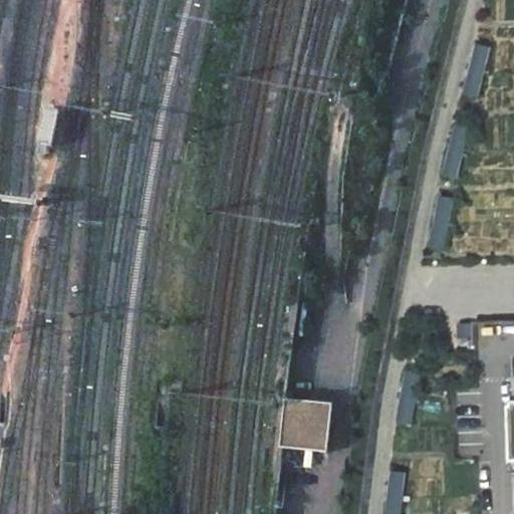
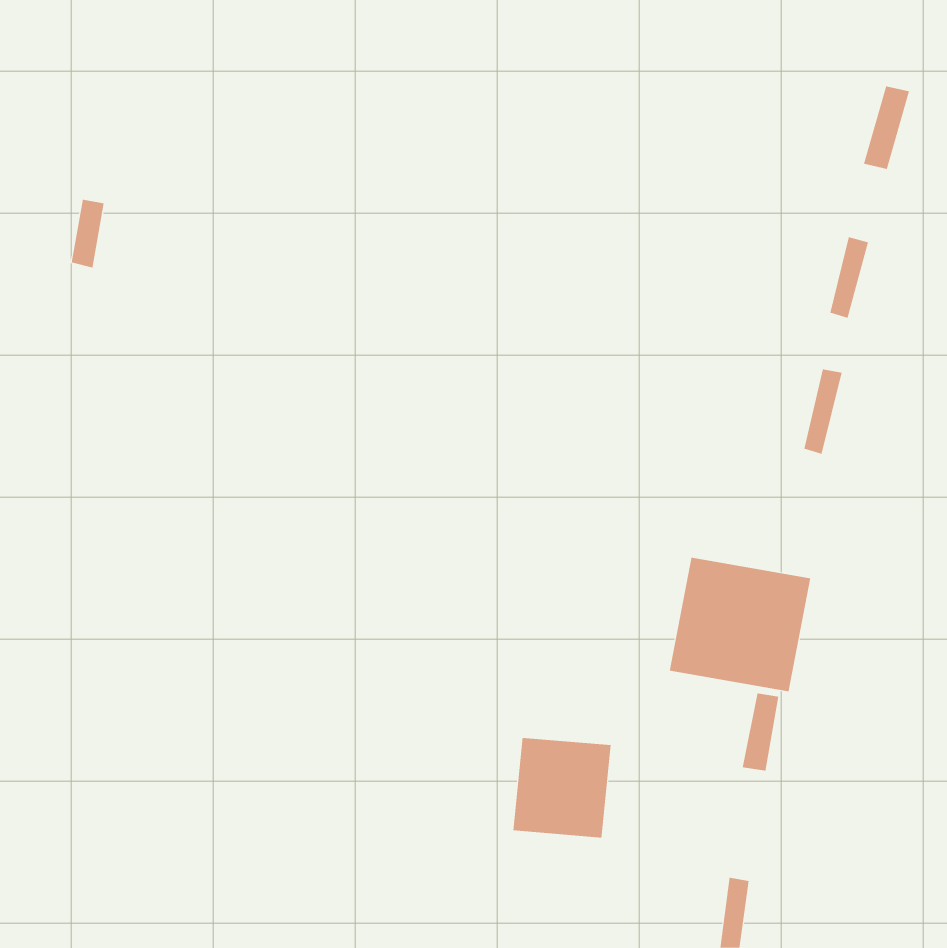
building: none -> [669,557,811,692]

